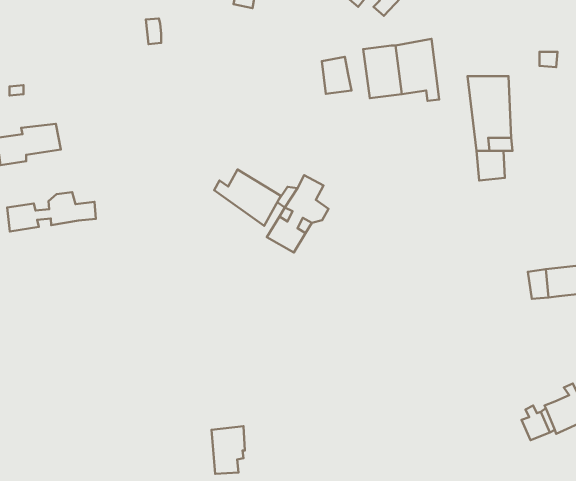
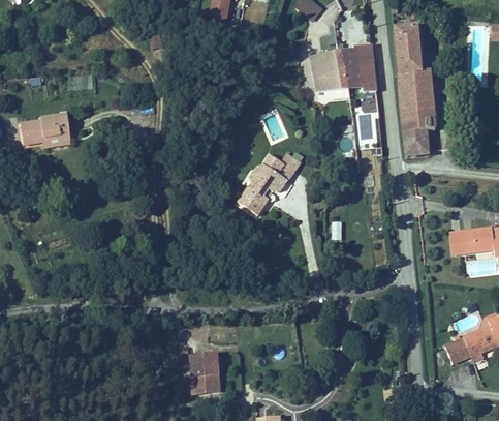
building: none -> [395,29,419,73]
building: [322,57,351,94] -> none
building: [214,170,281,226] -> none
building: [7,192,96,232] -> none

